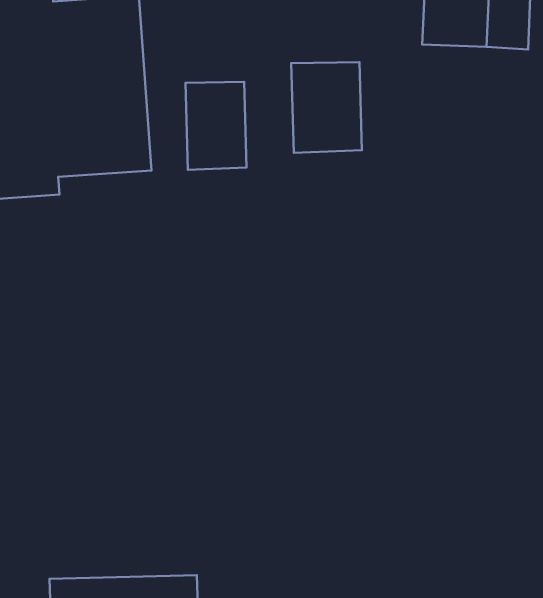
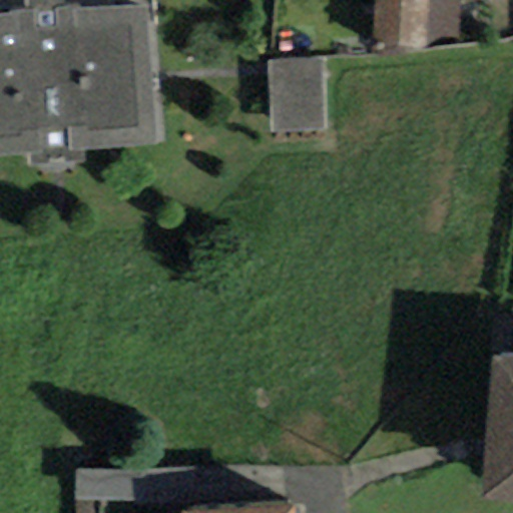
building: [185,82,246,170] -> none

